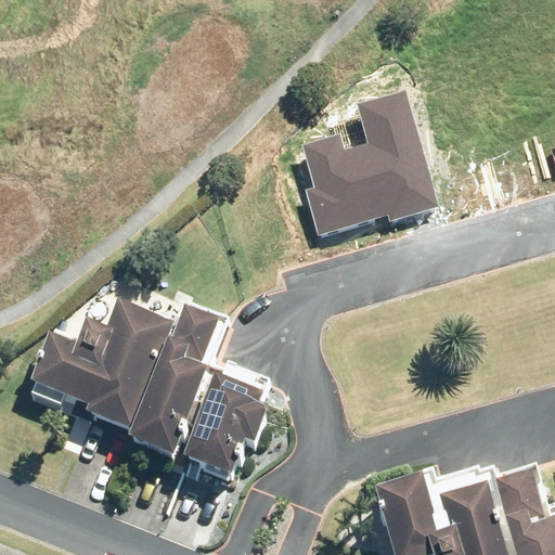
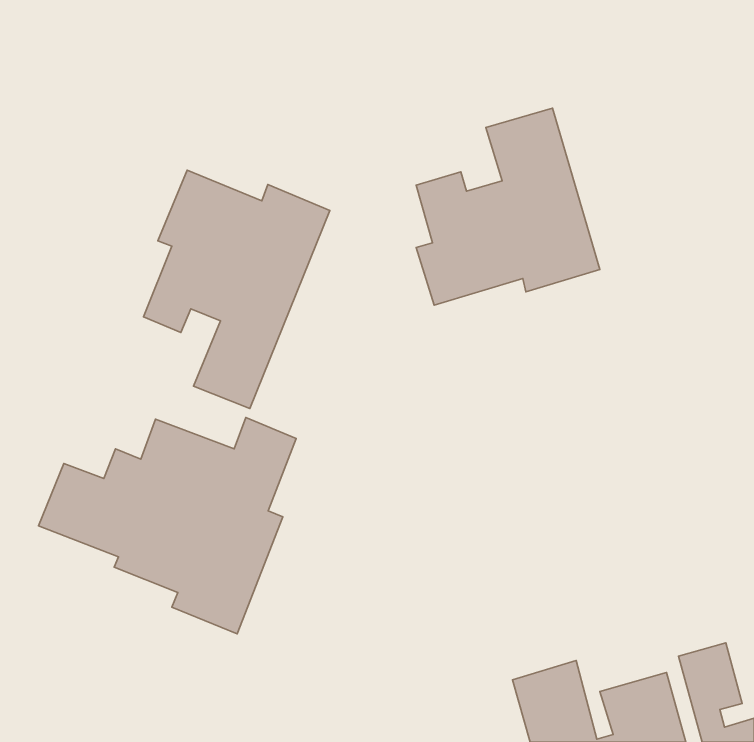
building: none -> [144,170,330,409]
building: [182,385,268,482] -> none

